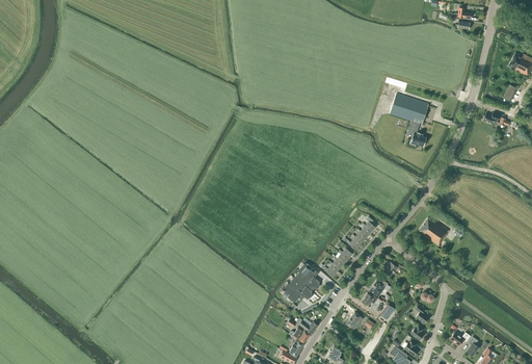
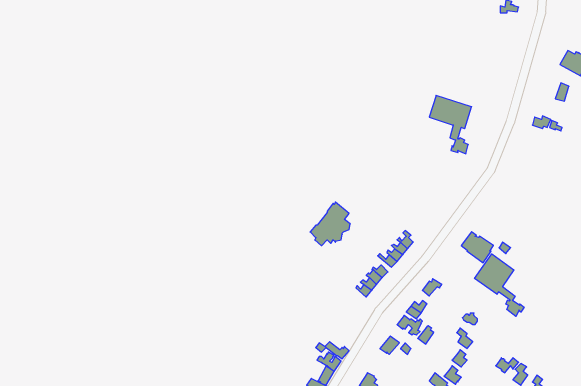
building: none -> [475,254,524,316]
building: [283,262,319,302] -> [310,202,350,246]

